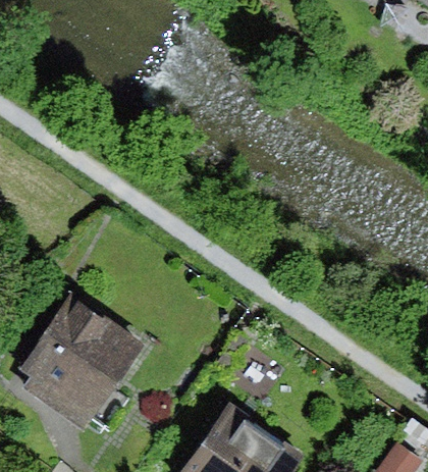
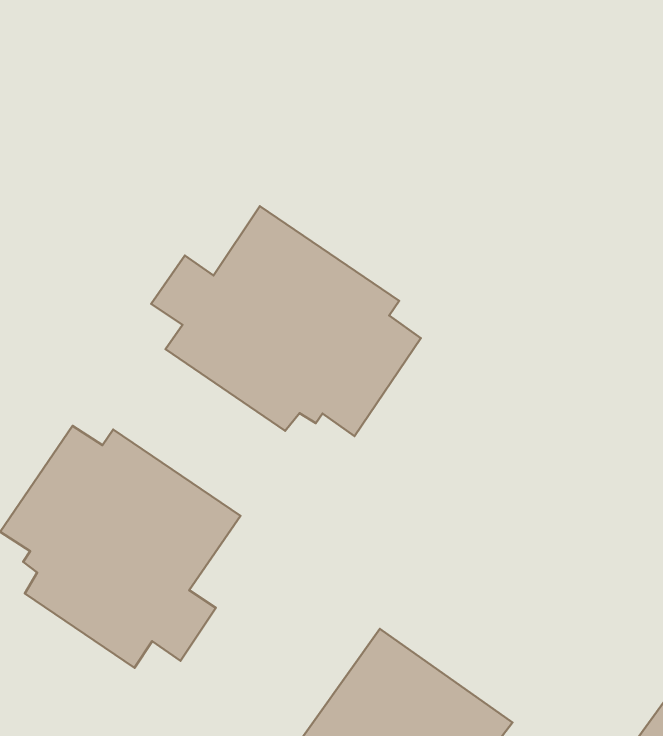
building: none -> [151,206,421,436]

